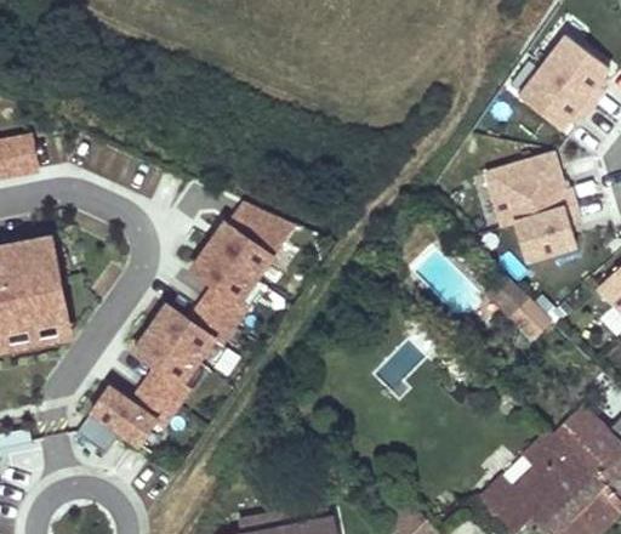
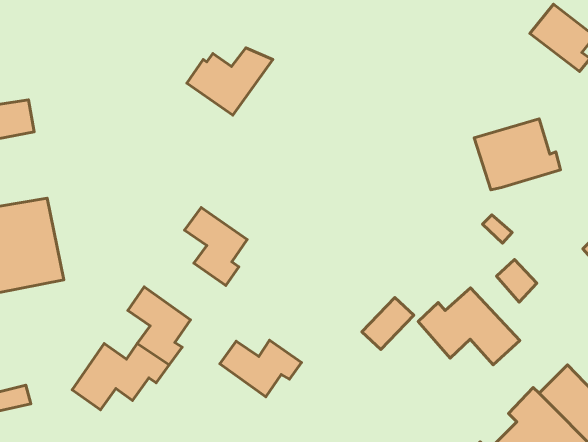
building: [522,68,596,131] -> none
building: [515,208,581,262] -> none
building: [207,210,296,279] -> [187,48,273,115]
building: [149,303,233,362] -> [220,340,301,397]
building: none -> [418,288,520,365]

